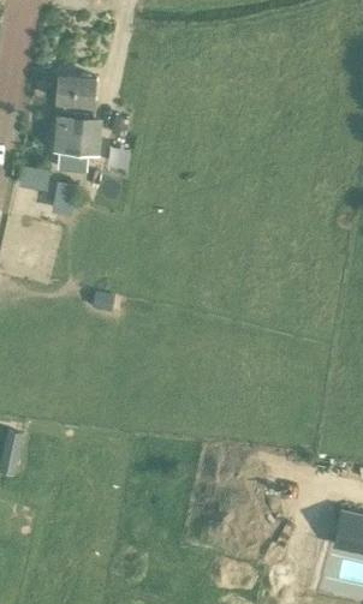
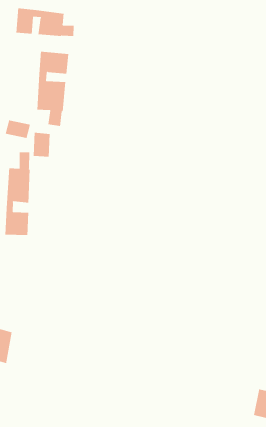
building: none -> [16,8,74,37]
building: none -> [5,152,30,236]

